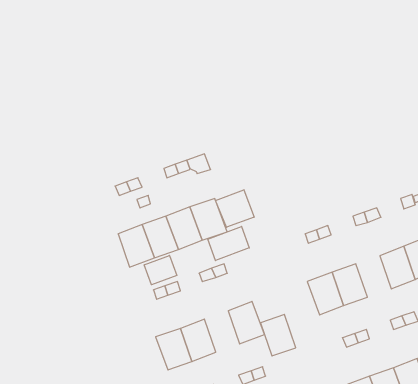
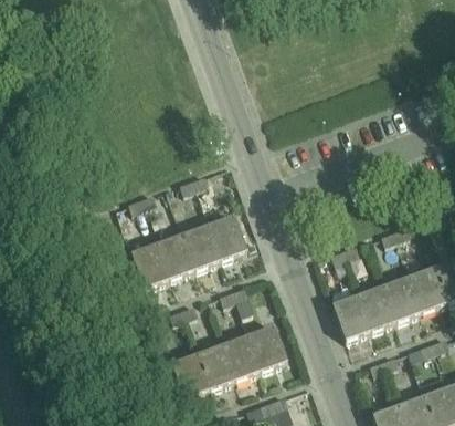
building: [215,190,254,227] -> none
building: [208,226,249,261] -> none
building: [144,255,177,285] -> none
building: none -> [384,276,422,320]
building: [261,314,296,356] -> [223,334,261,378]

